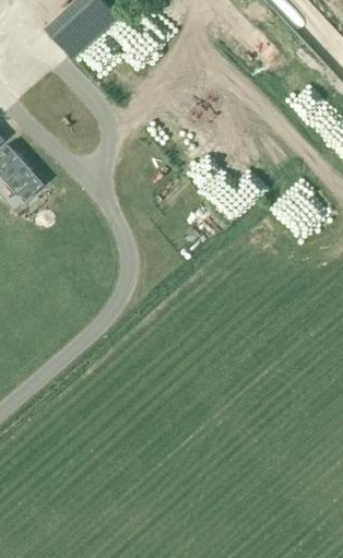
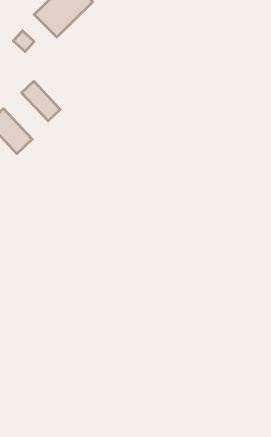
building: none -> [22,81,60,121]

